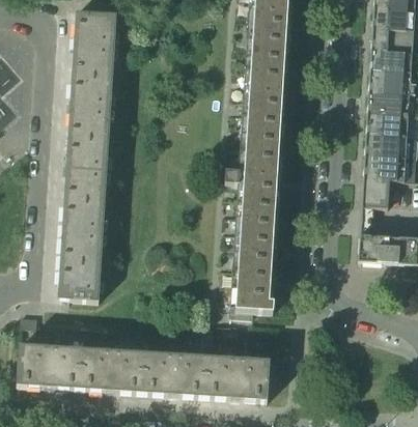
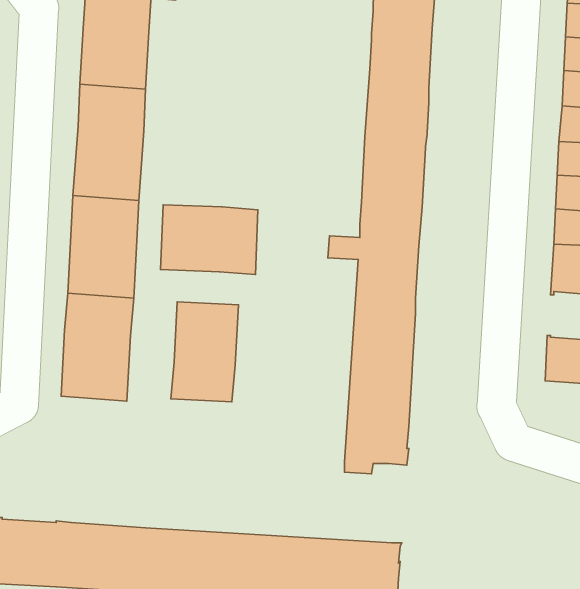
building: none -> [161,205,258,275]
building: none -> [171,302,238,402]
building: [58,267,101,298] -> none

